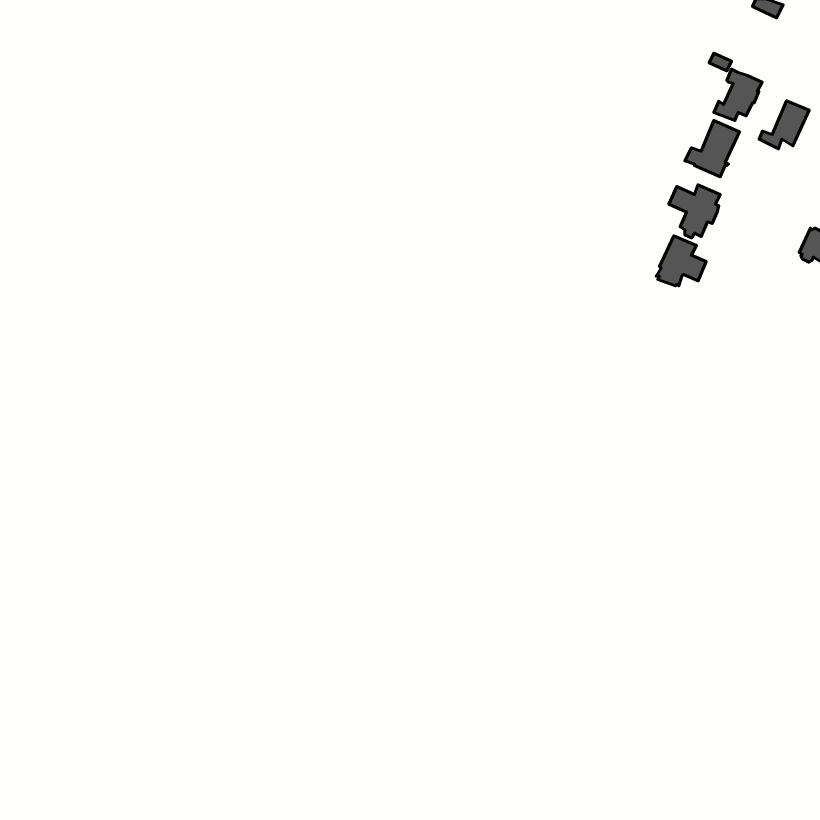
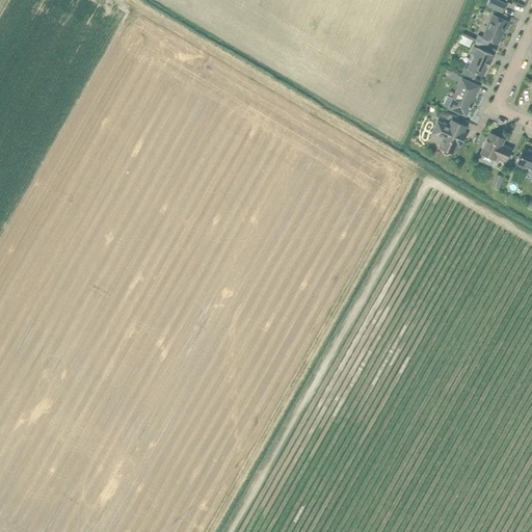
building: [759,101,809,149] -> [476,15,508,46]
building: [656,236,706,286] -> [479,132,511,164]

